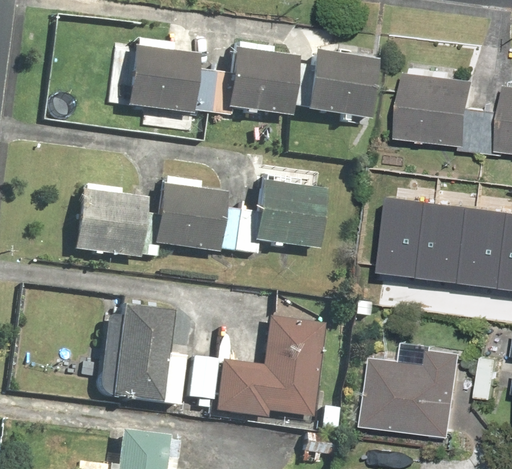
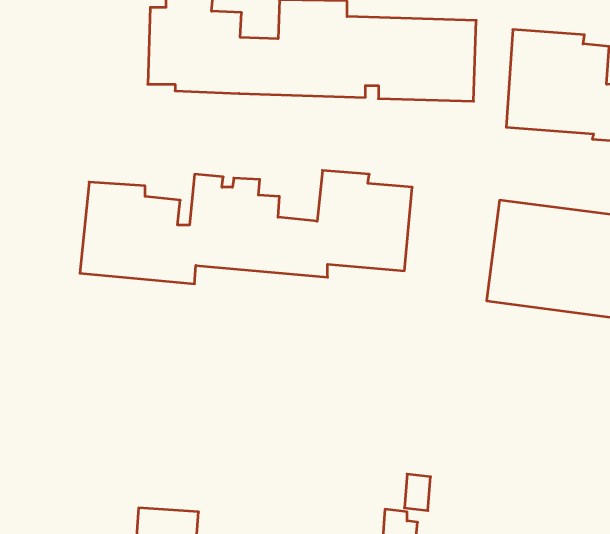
building: [96,304,183,404] -> none
building: [188,315,329,419] -> none
building: [366,347,468,436] -> none

